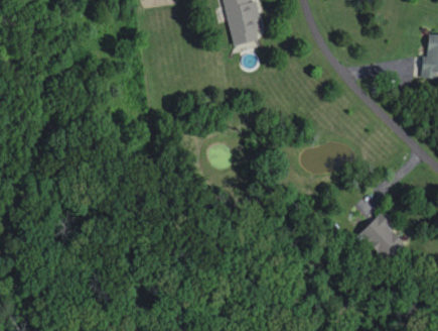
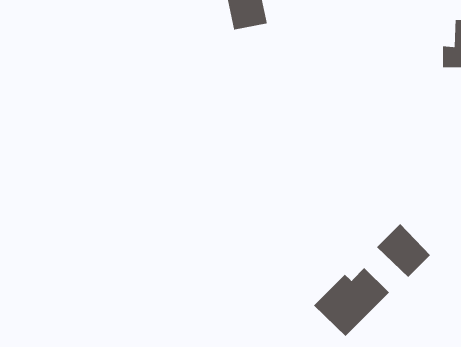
building: none -> [313,267,390,337]

